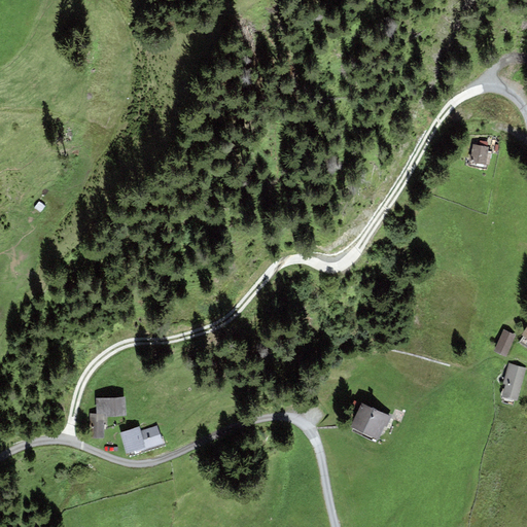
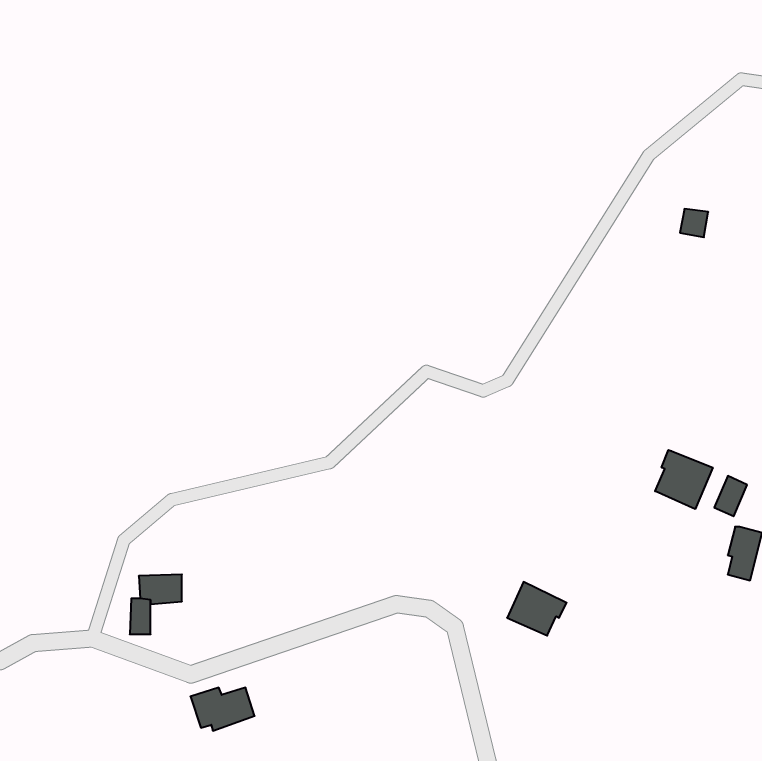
building: none -> [655,450,713,509]
building: [119,425,164,455] -> [190,688,255,731]

